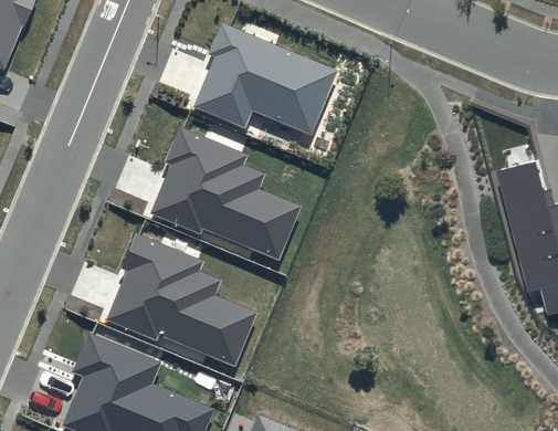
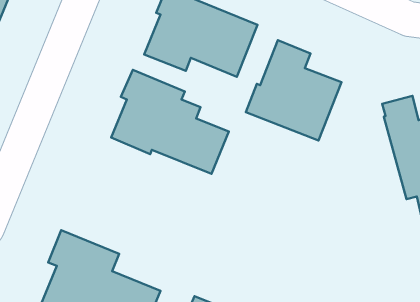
building: none -> [246,40,342,140]
building: [107,232,259,367] -> none

